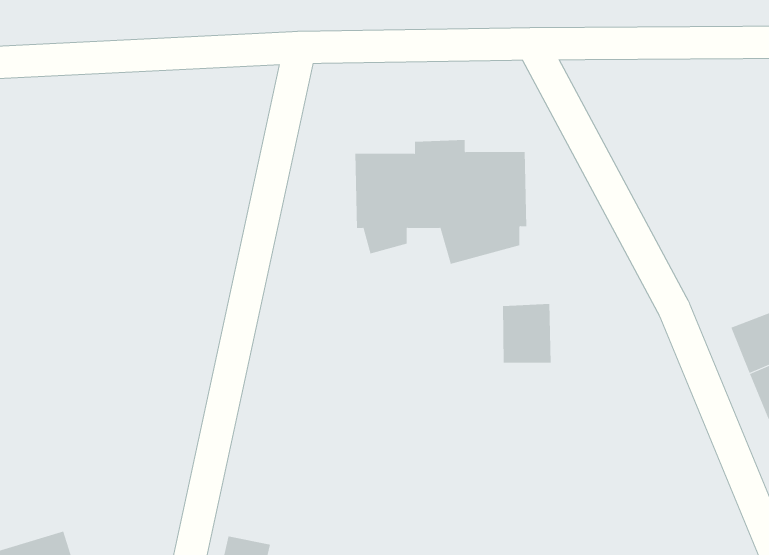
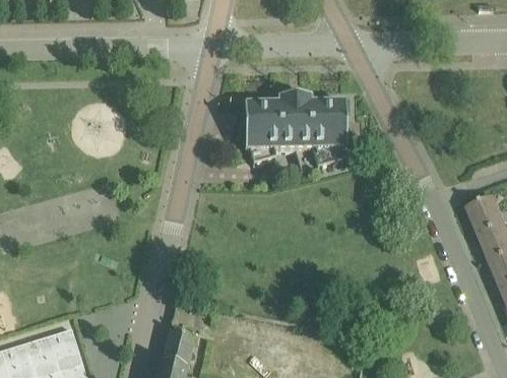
building: [502,303,551,363] -> none

